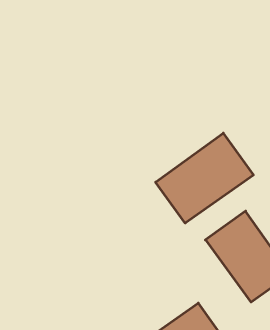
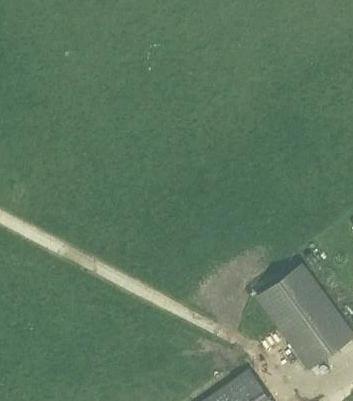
building: [156,133,253,223] -> none

